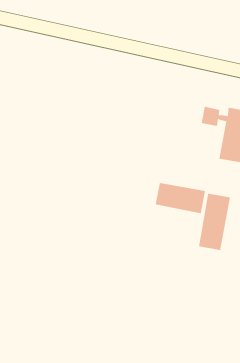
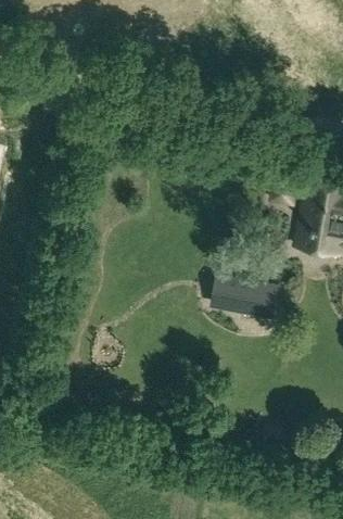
building: [199,193,231,251] -> none

